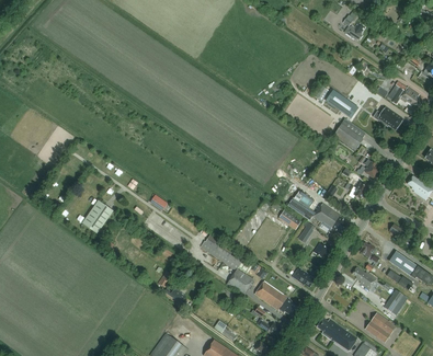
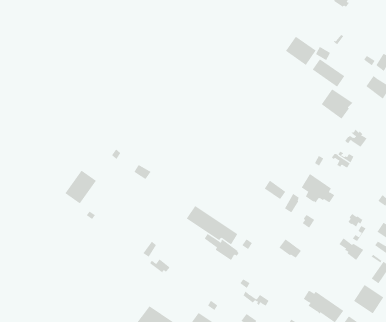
building: none -> [285,36,317,66]
building: [286,190,315,220] -> none
building: [254,280,297,315] -> none

